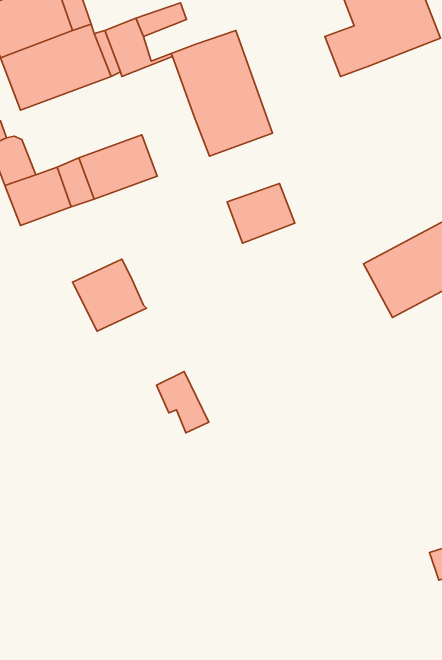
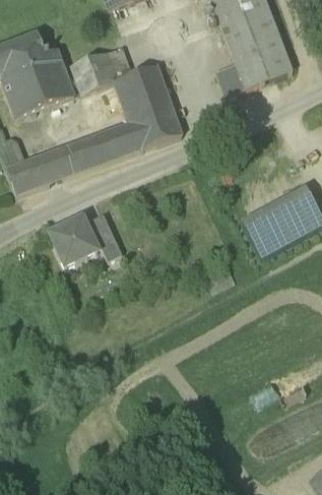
building: none -> [96,58,131,85]
building: [227,183,295,243] -> [95,122,140,162]
building: [156,371,209,433] -> [88,220,123,260]

